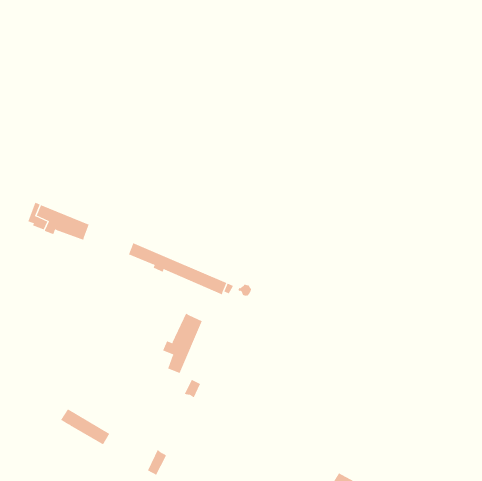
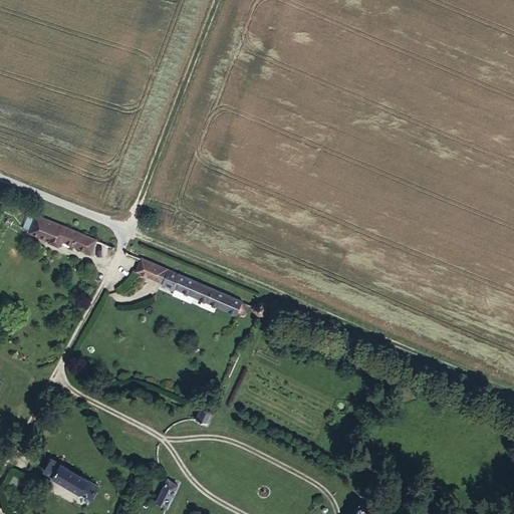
building: [163,313,203,374] -> none
building: [60,408,110,445] -> [45,460,98,499]

